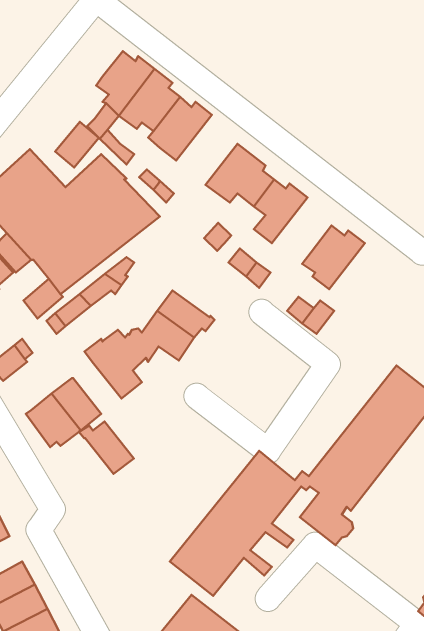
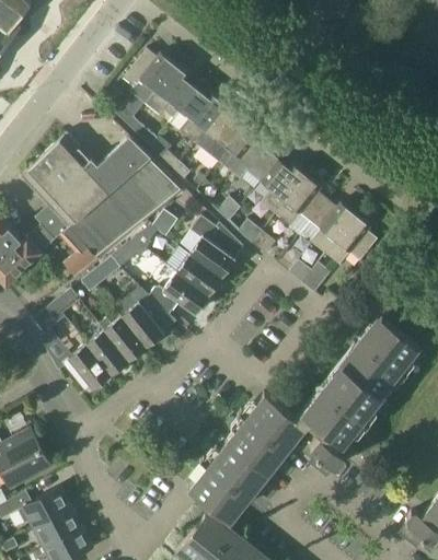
building: none -> [194,104,246,164]
building: [55,122,99,168] -> none
building: none -> [276,175,327,225]
building: none -> [325,214,379,266]
building: none -> [191,217,243,278]
building: [79,422,134,474] -> [100,316,147,361]

